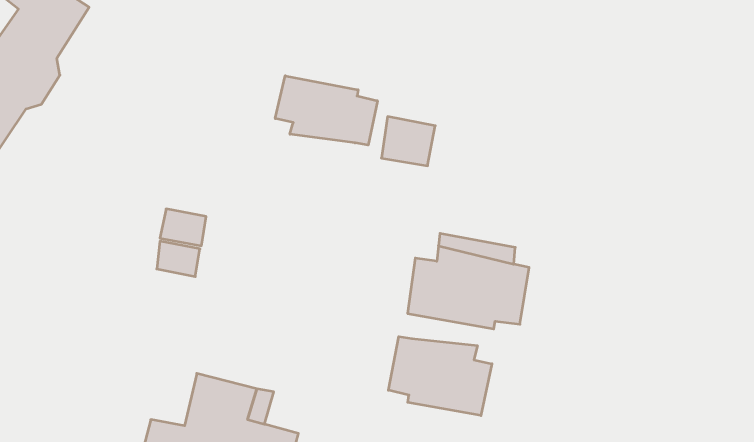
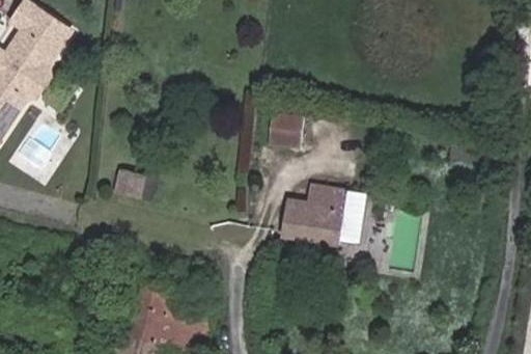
building: [275,76,377,145] -> none
building: [388,337,492,416] -> none

